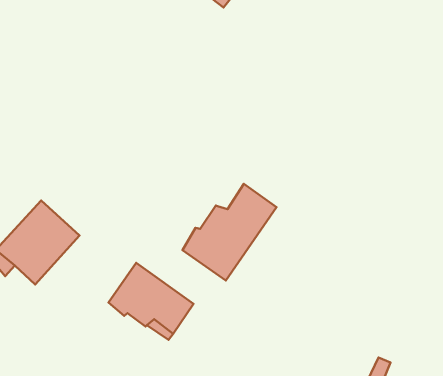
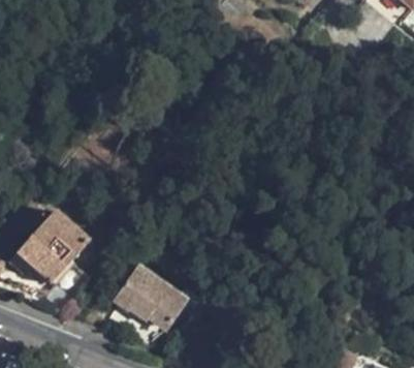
building: [182,184,276,281] -> none

